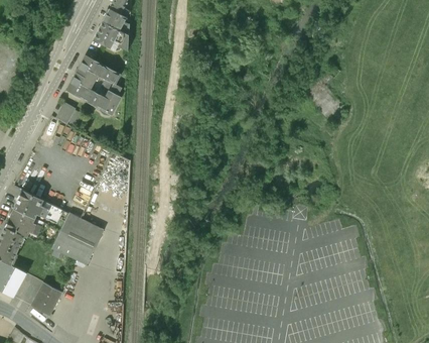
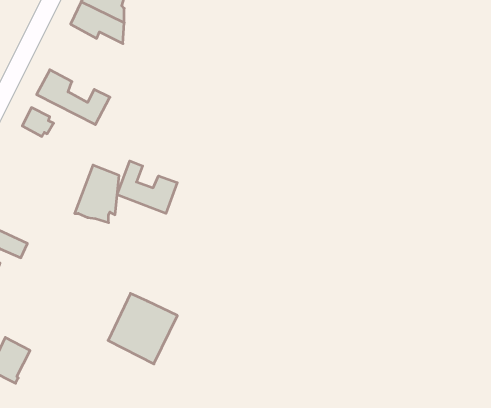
building: [76,60,125,95] -> none
building: none -> [117,161,177,213]
building: [49,211,103,265] -> [108,293,177,364]

